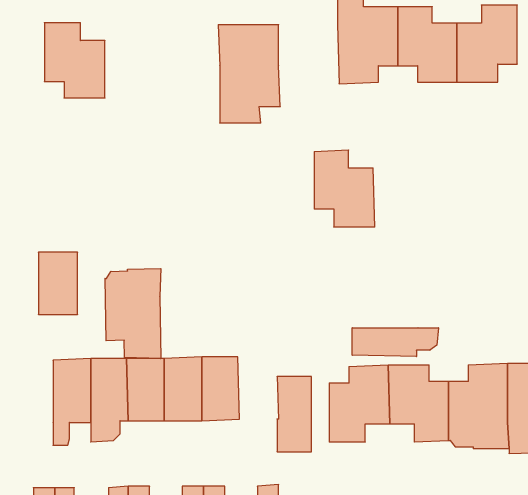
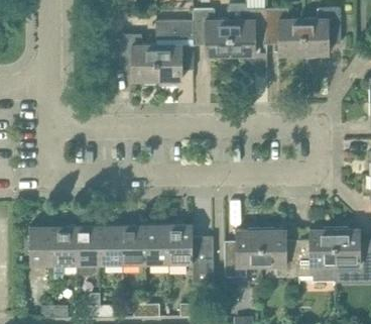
building: [44,23,105,98] -> [119,34,156,81]
building: [314,150,375,227] -> [193,9,230,57]
building: [38,252,78,314] -> [29,227,53,265]
building: [105,269,161,359] -> none
building: [352,328,438,357] -> none
building: none -> [167,225,193,263]

